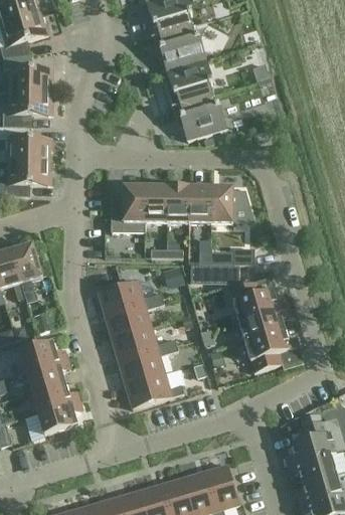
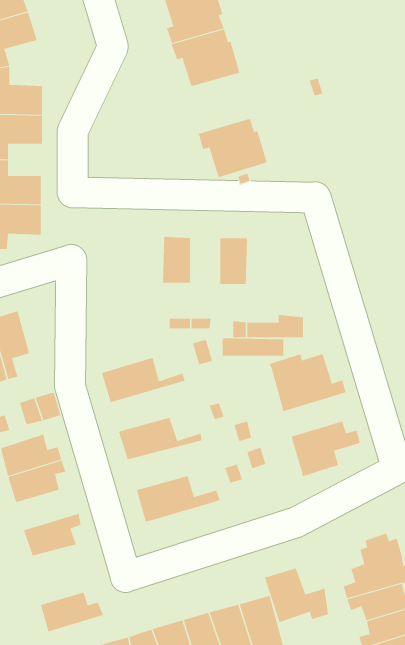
building: [167,59,213,107] -> none
building: [167,185,190,223] -> none
building: [111,186,146,232] -> none
building: [210,187,250,223] -> none
building: [105,298,164,337] -> none
building: [238,307,290,341] -> none
building: [118,344,178,382] -> none
building: [31,382,80,413] -> [40,592,104,632]
building: none -> [264,568,329,623]

